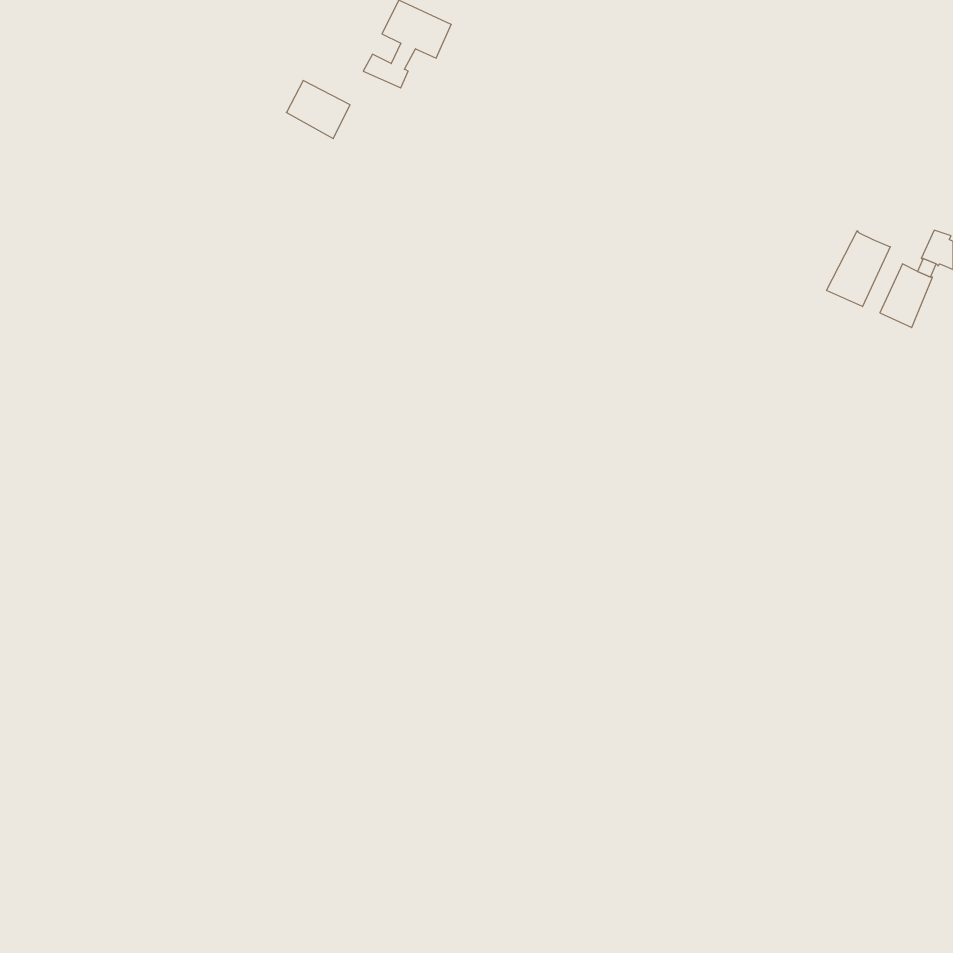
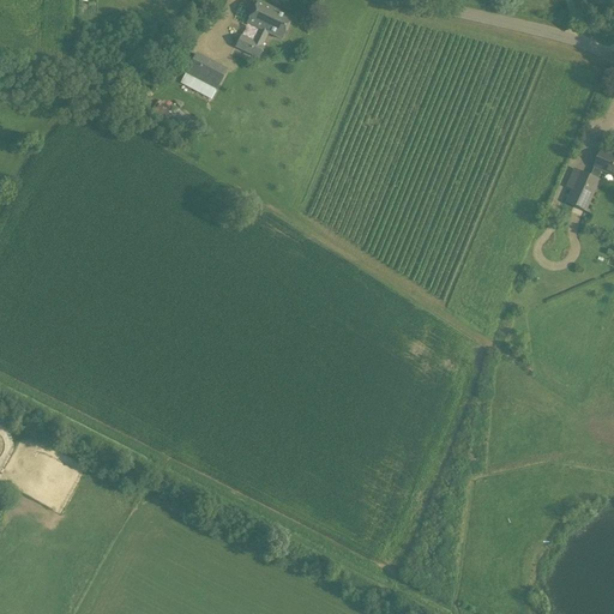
building: [827,231,890,307] -> none

